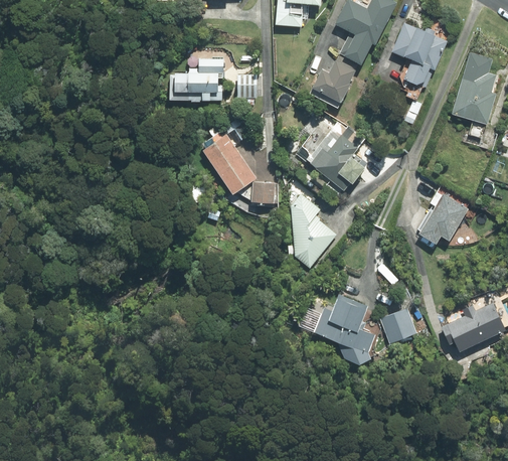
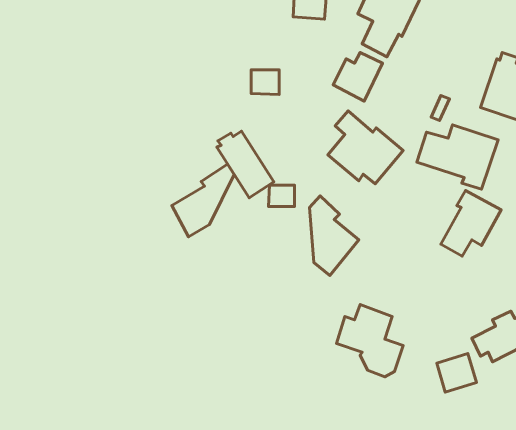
building: [390,23,449,87] -> none
building: [172,55,222,101] -> none
building: none -> [417,125,498,189]
building: none -> [172,164,234,237]
building: [379,306,416,342] -> [437,353,477,392]

